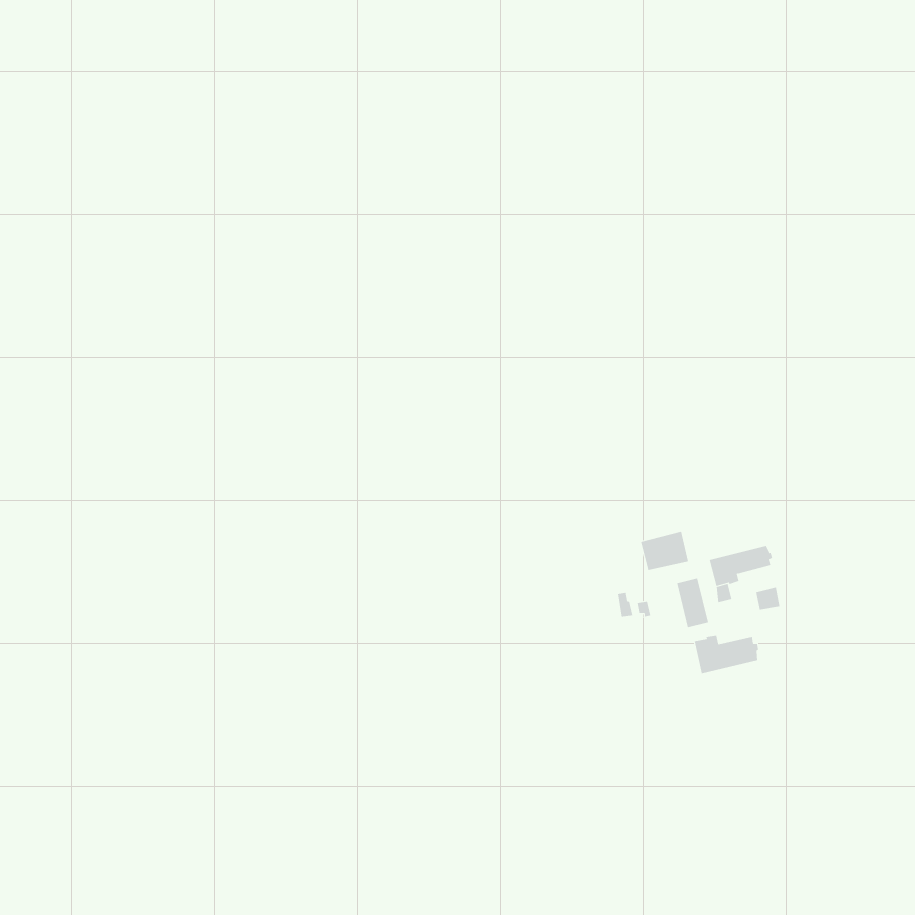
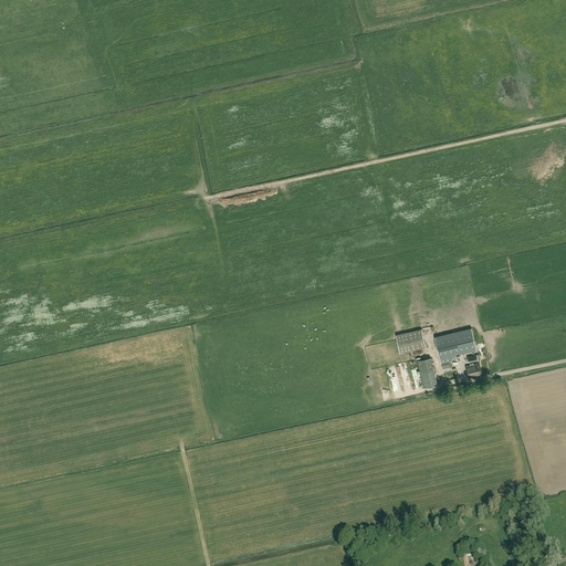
building: [694,635,758,674] -> none

